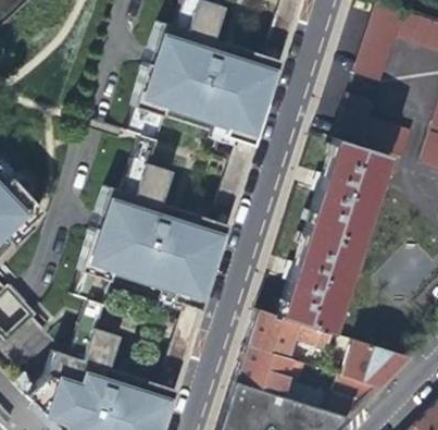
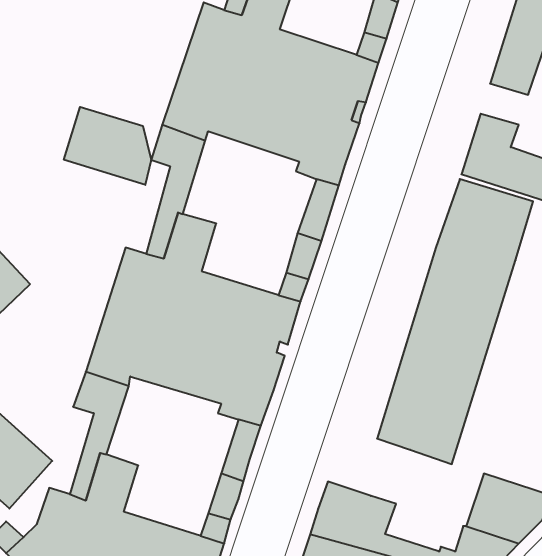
building: none -> [64,107,151,185]
building: [248,311,304,361] -> none

